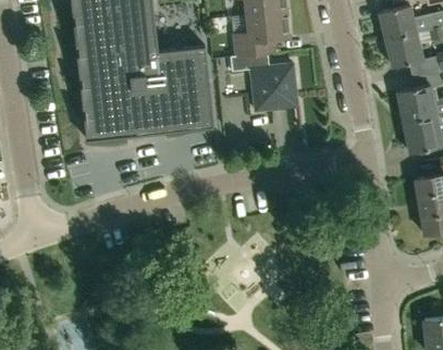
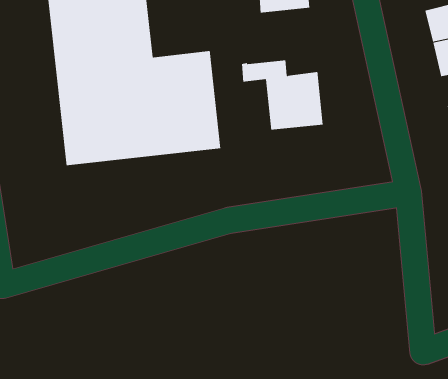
building: [232,11,290,57] -> none

